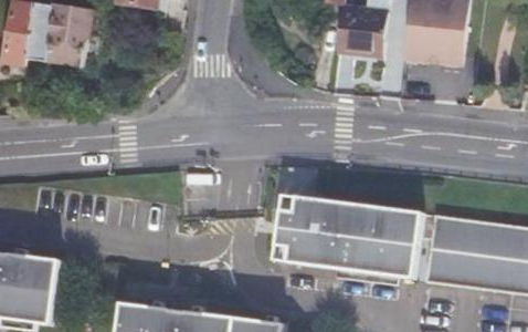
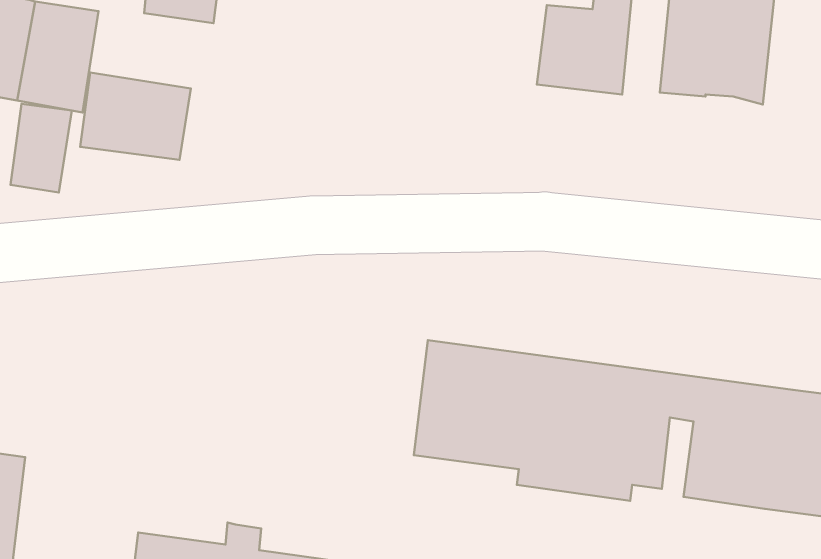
building: none -> [80,73,191,160]
building: none -> [11,104,72,192]

